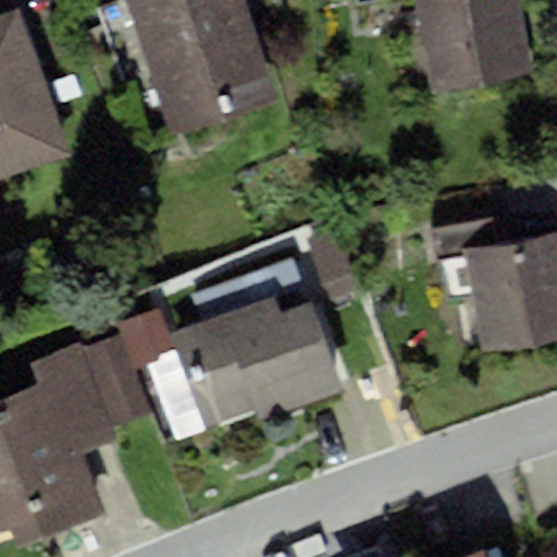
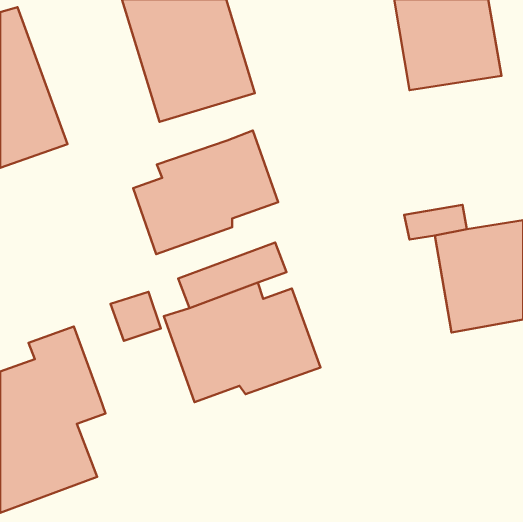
building: none -> [133,131,278,254]
building: [78,332,149,423] -> none

